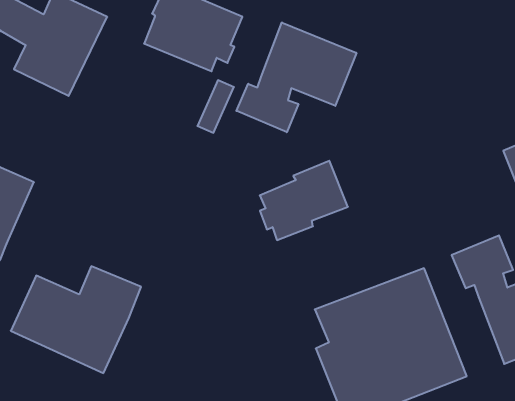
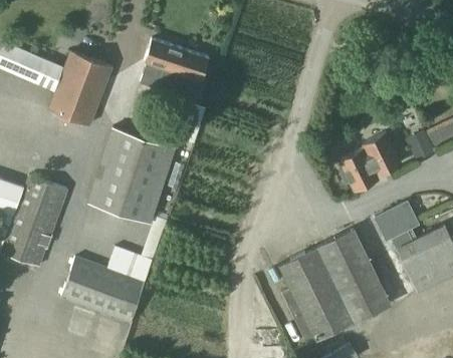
building: [236,22,356,132] -> none
building: none -> [86,127,176,225]
building: [260,161,348,240] -> [338,132,403,193]

